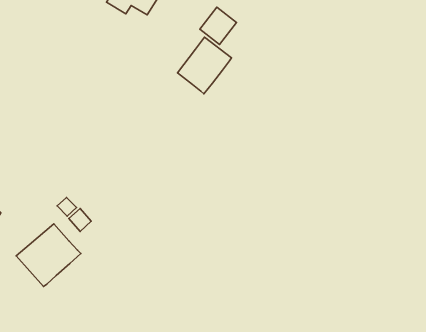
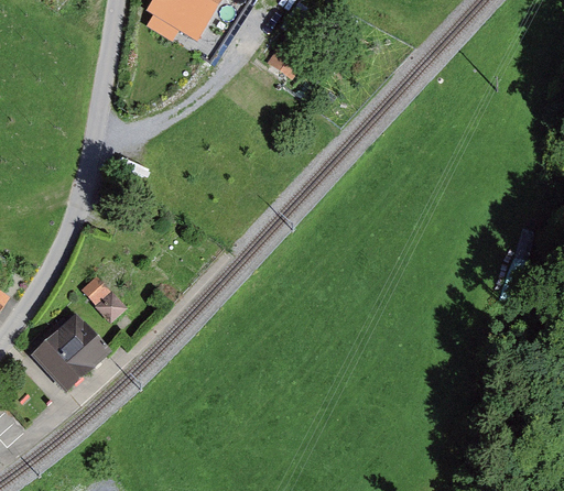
building: [178,37,232,94] -> none

